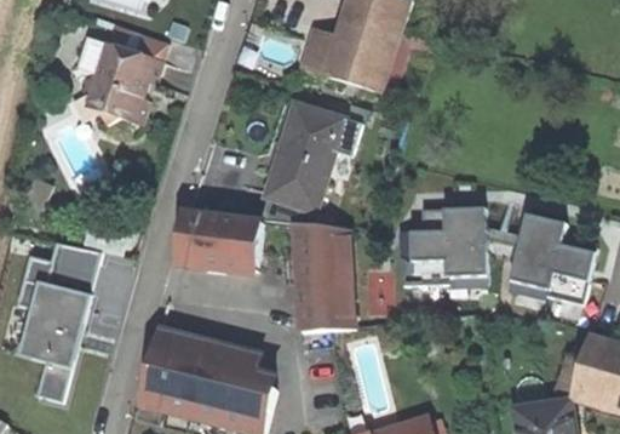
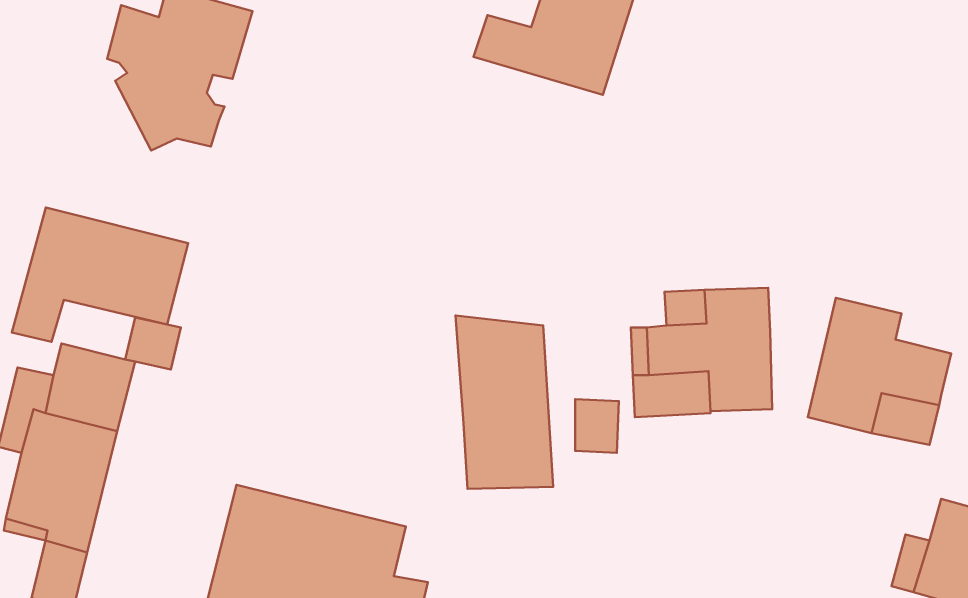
building: [266,102,361,209] -> none
building: none -> [12,208,188,342]
building: [180,211,263,268] -> none

